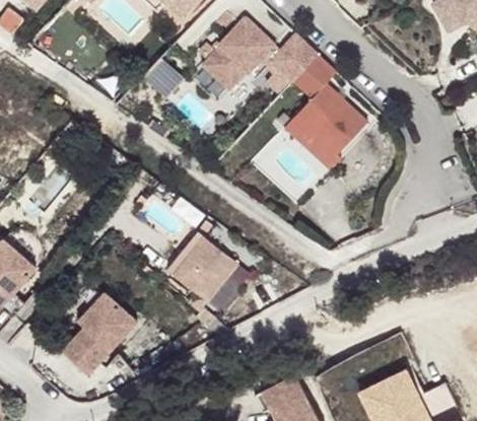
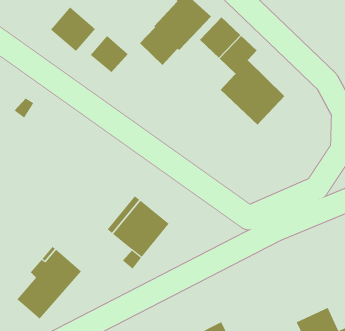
building: none -> [50,7,96,52]

